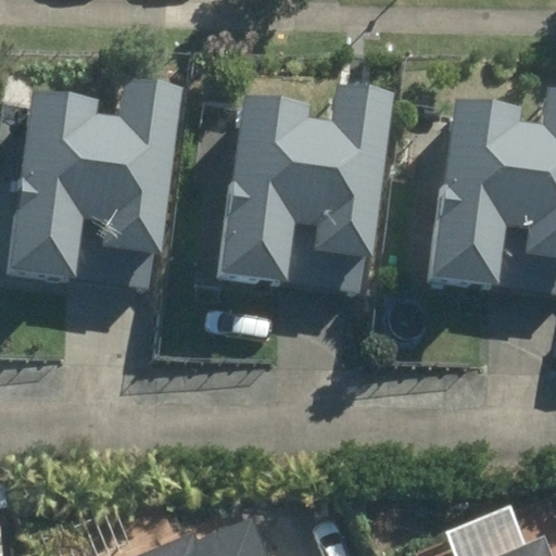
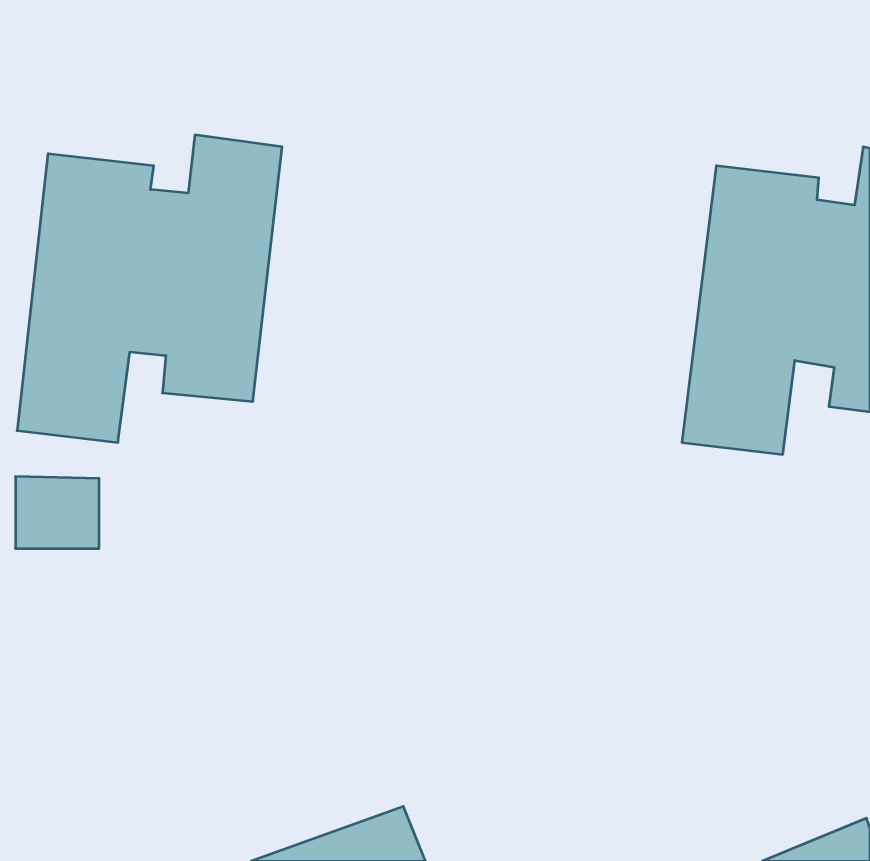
building: [222,93,391,286] -> none

